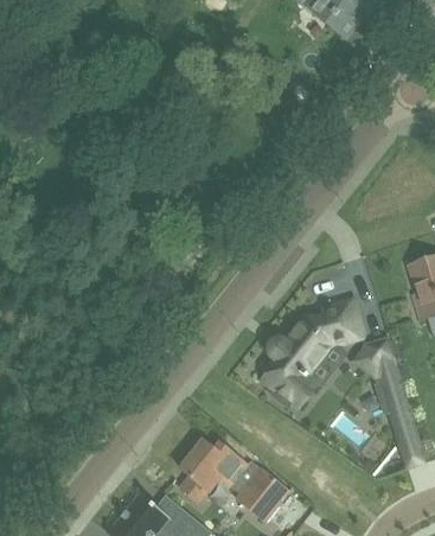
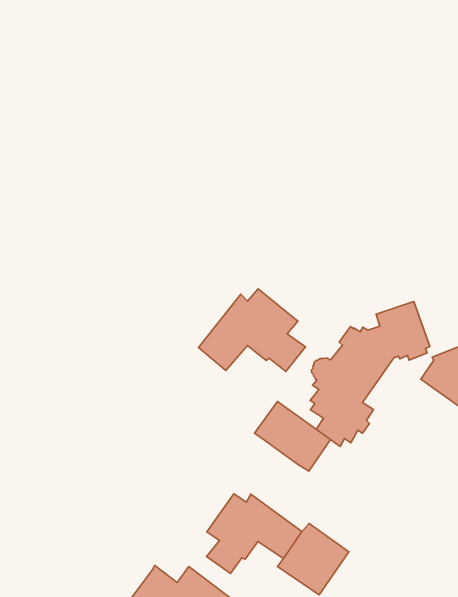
building: none -> [199,289,306,372]
building: none -> [255,402,330,471]

